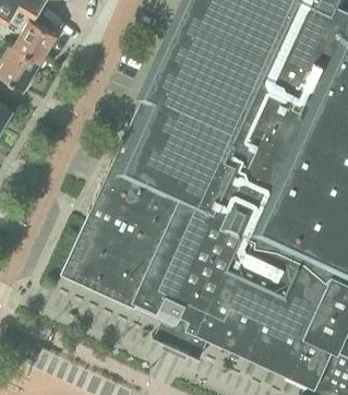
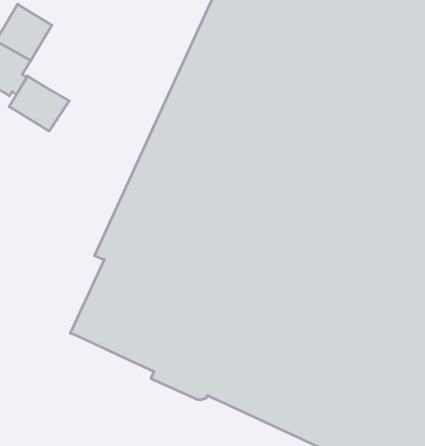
building: none -> [9,76,69,131]

